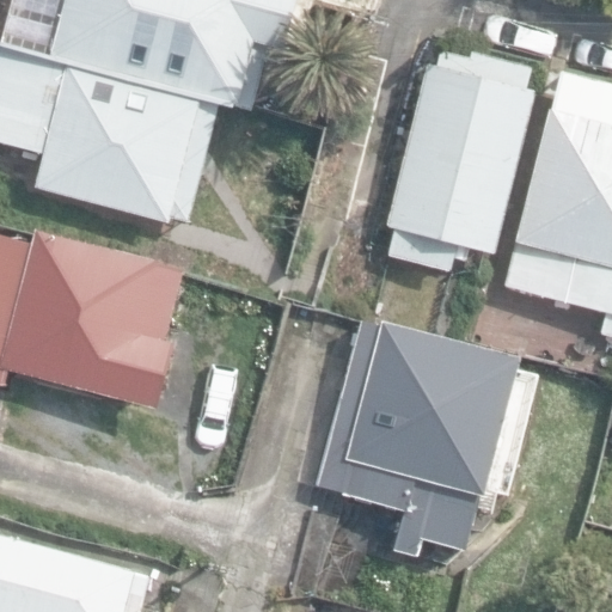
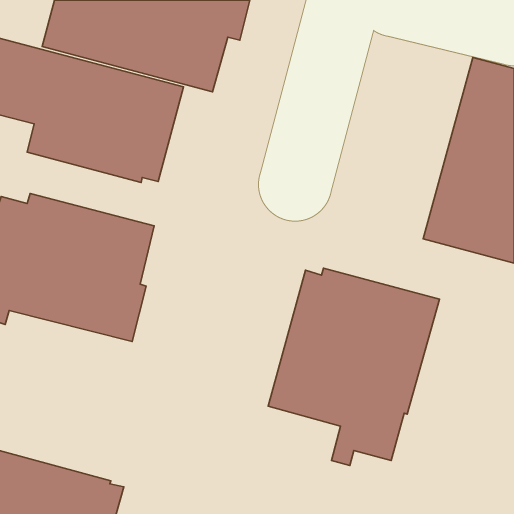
building: [385,49,538,271] -> none

